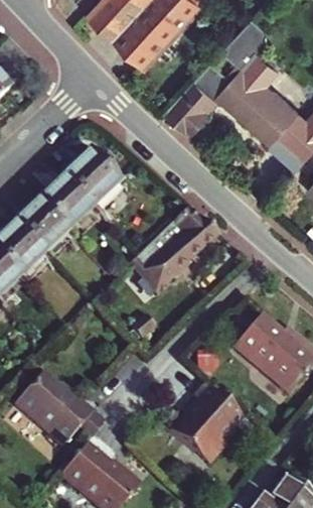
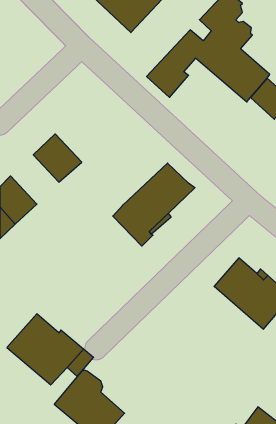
building: [61,151,118,209] -> none
building: [12,201,72,263] -> none
building: [172,385,243,466] -> none

